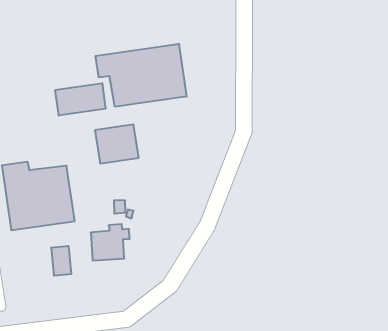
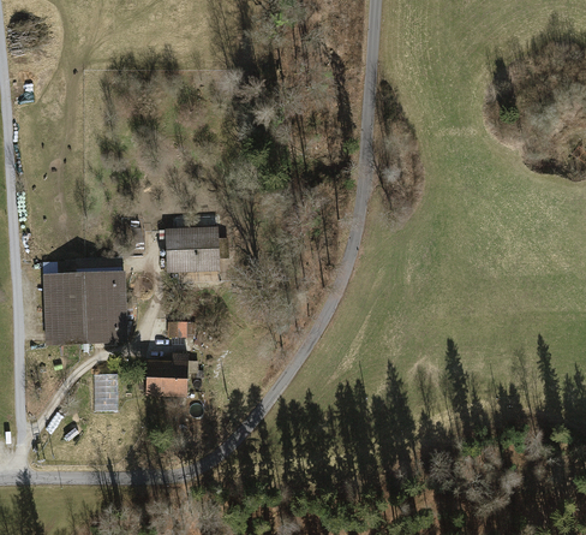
building: [95,44,187,107] -> none
building: [55,83,106,116] -> none

